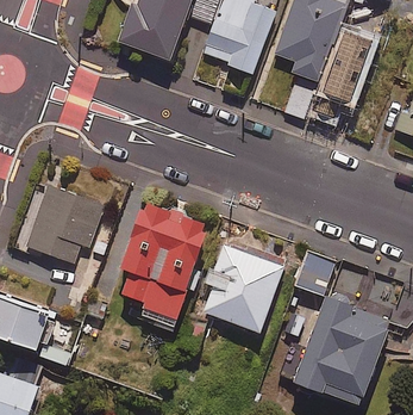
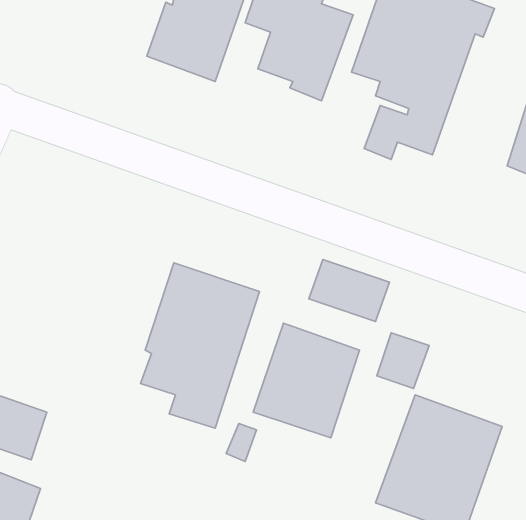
building: [27,186,104,262] -> none
building: none -> [309,259,390,322]

